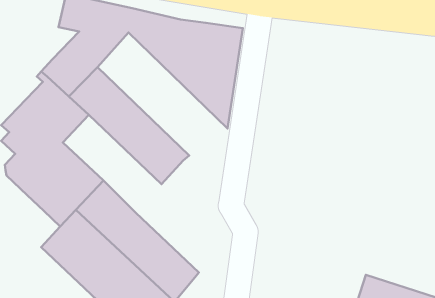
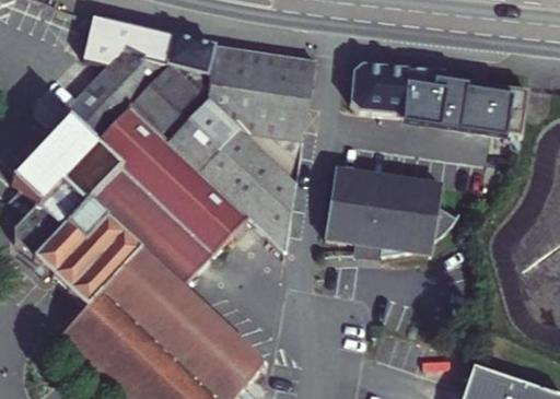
building: none -> [350,60,532,127]
building: none -> [132,62,296,251]
building: none -> [325,165,462,257]
building: none -> [89,166,213,290]

